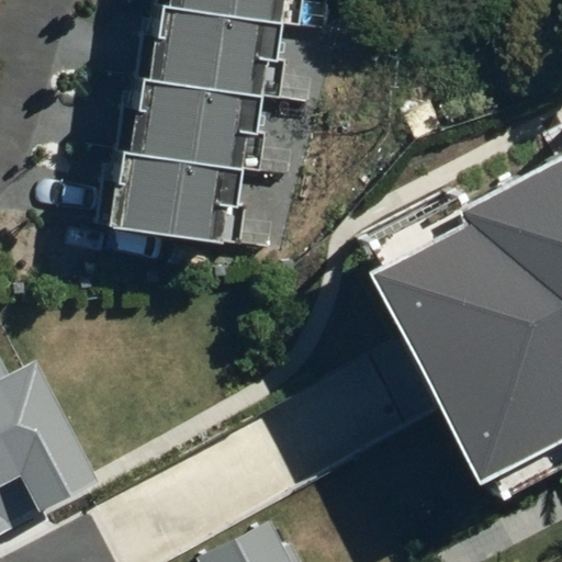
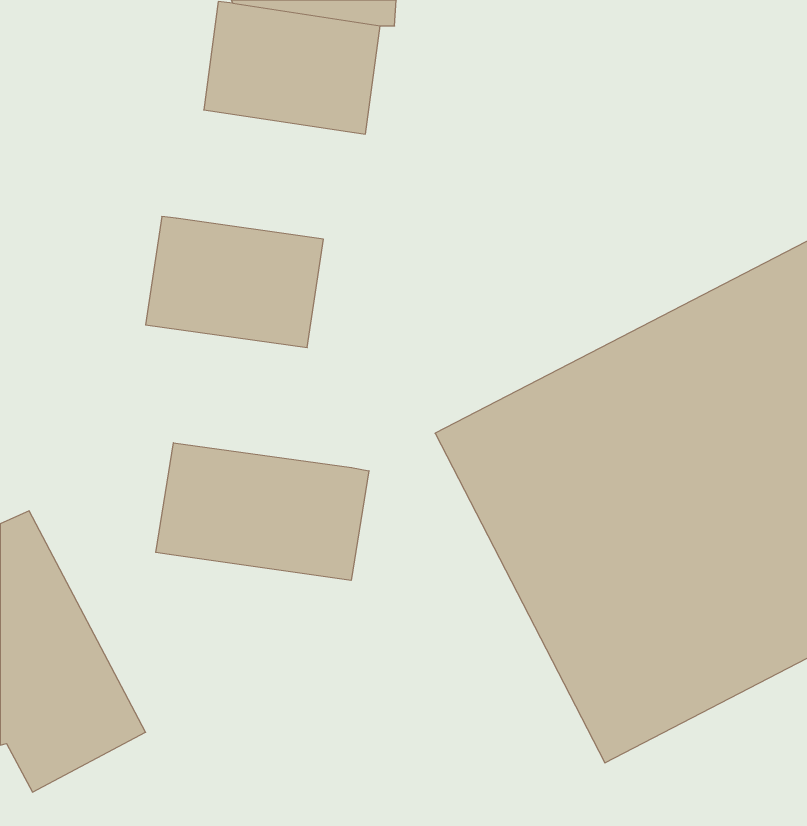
building: [133,75,254,164] -> none
building: none -> [156,443,369,580]

